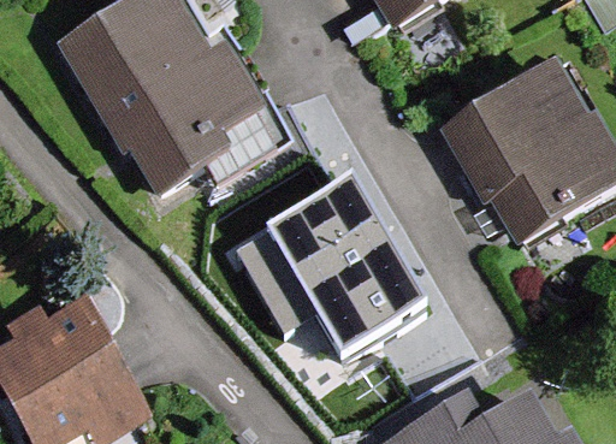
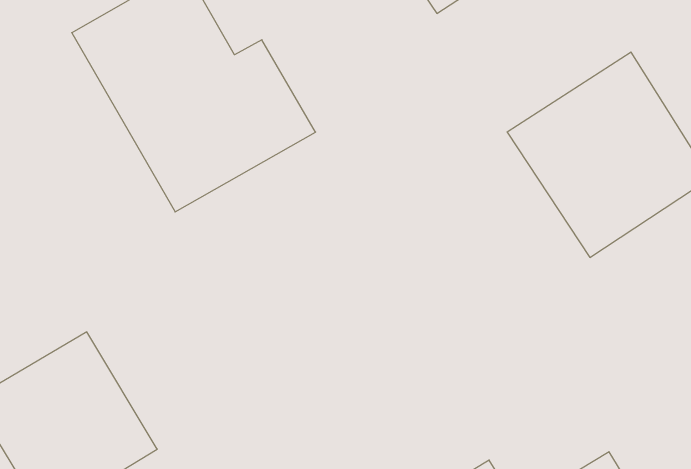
building: [254,155,436,353] -> none

